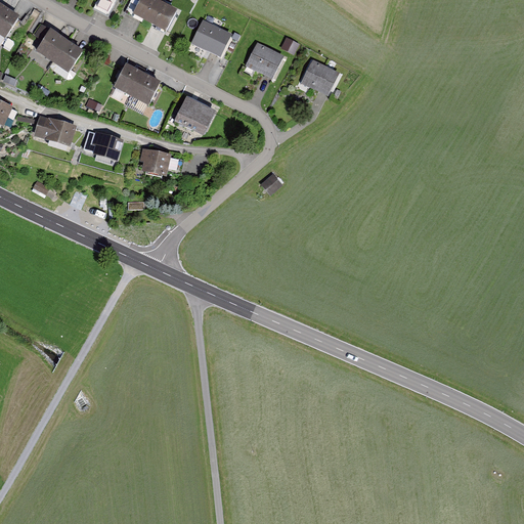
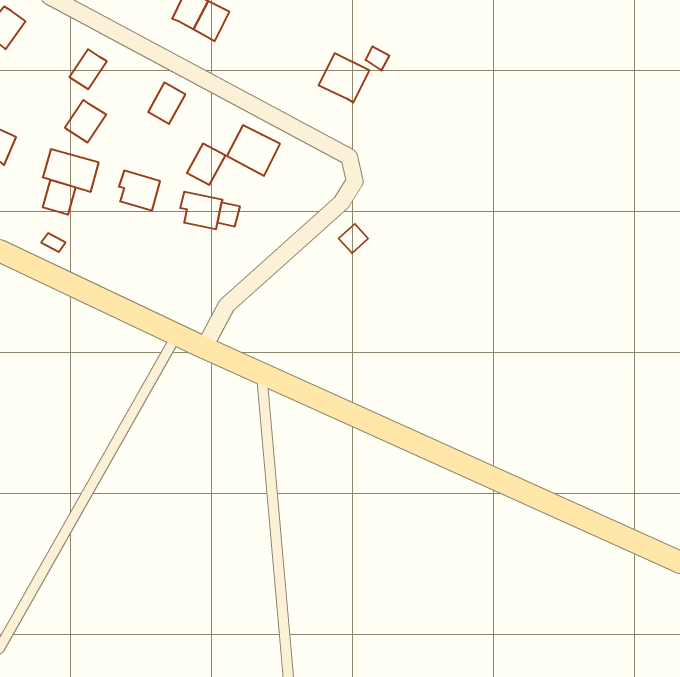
building: [191,19,230,56] -> none
building: [36,27,68,59] -> [65,100,106,142]
building: [300,58,339,95] -> none
building: [130,73,160,104] -> [187,144,225,185]
building: none -> [43,180,76,215]

